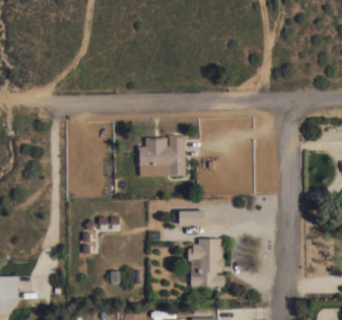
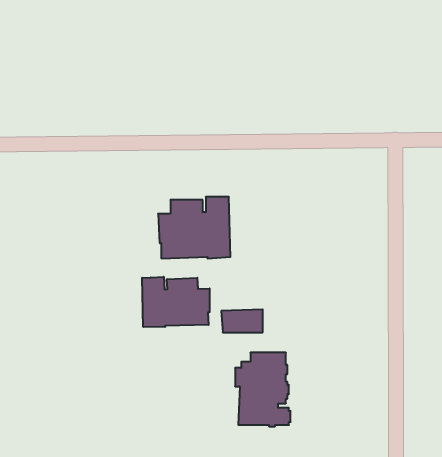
building: none -> [142,277,210,327]

